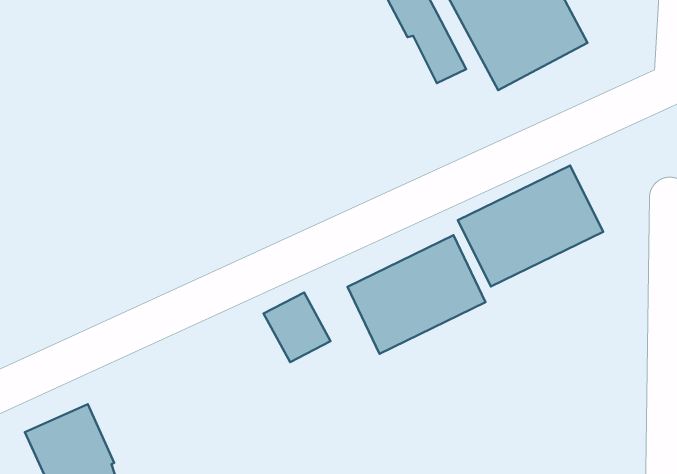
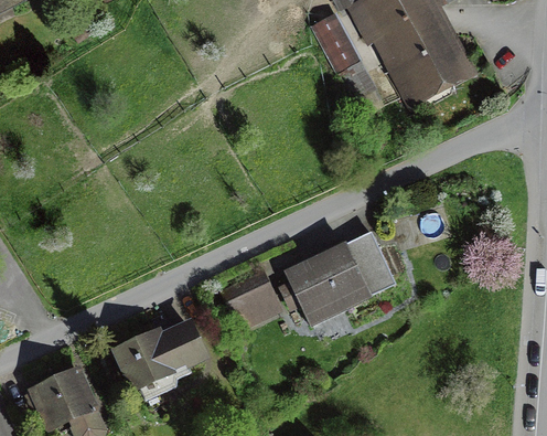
building: [458,165,603,287] -> none
building: none -> [115,313,211,391]

